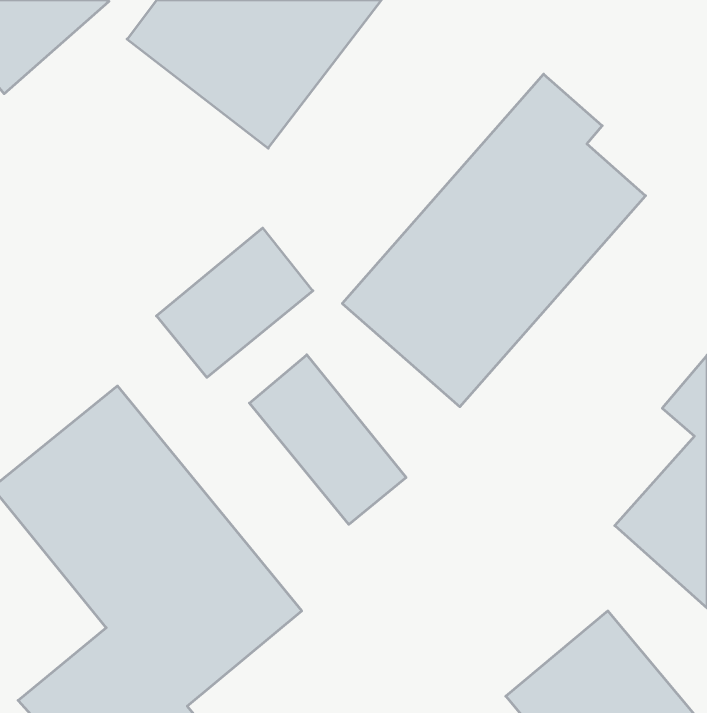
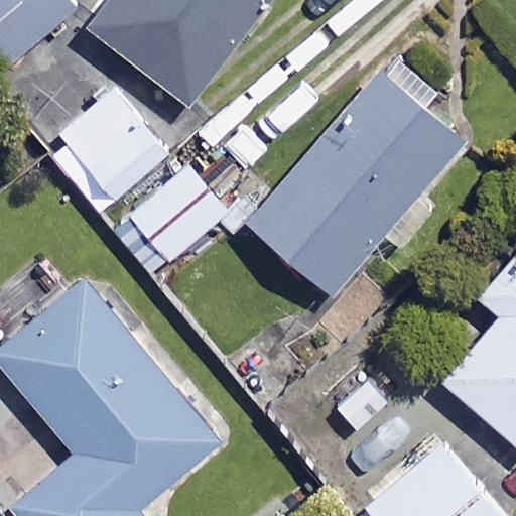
building: none -> [44,91,163,209]
building: [249,355,406,524] -> none

